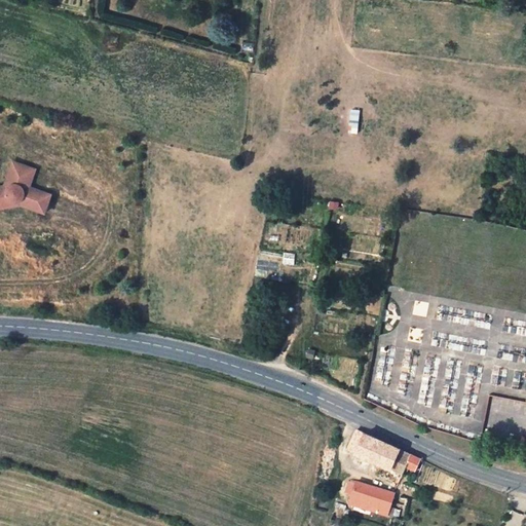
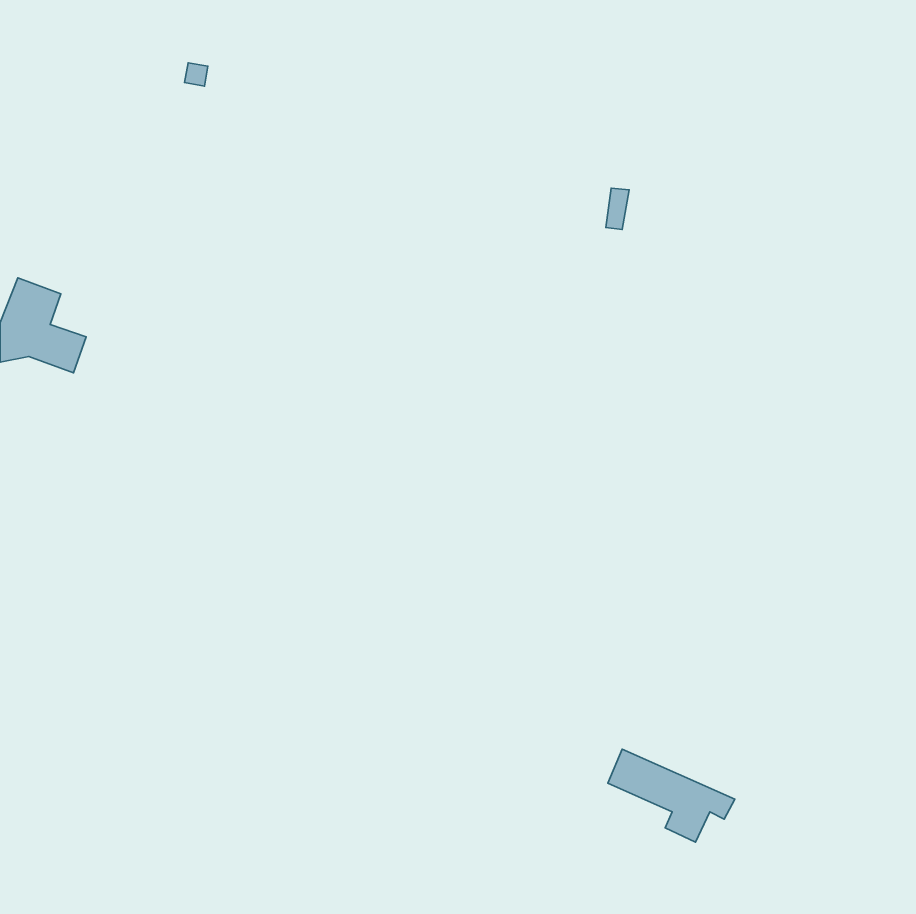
building: [345,480,394,515] -> none

